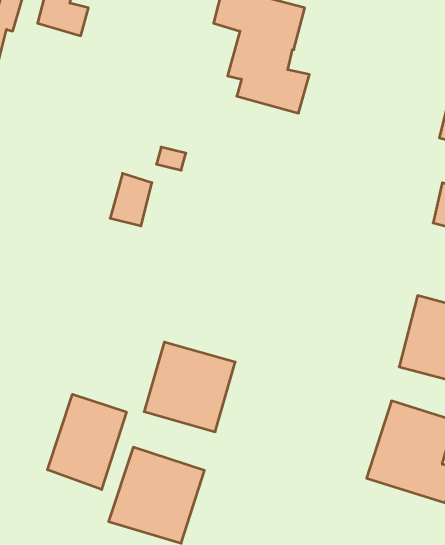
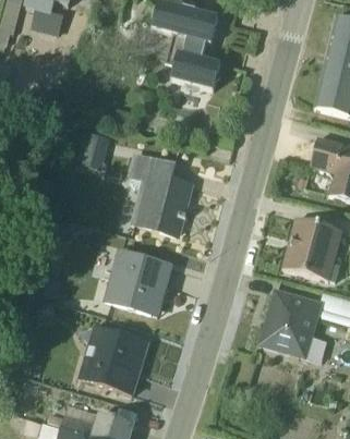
building: none -> [129,155,190,234]
building: [48,394,126,490] -> none

